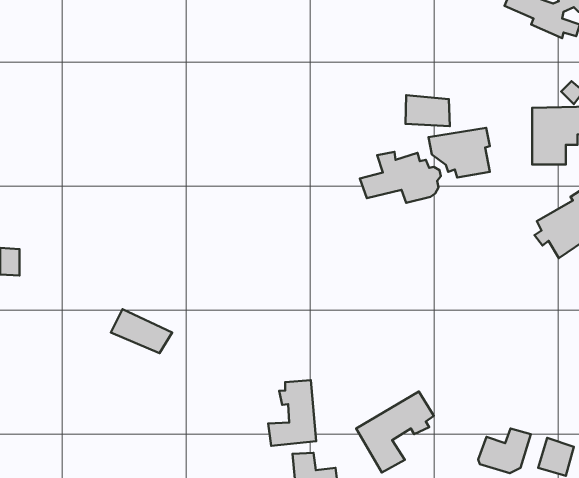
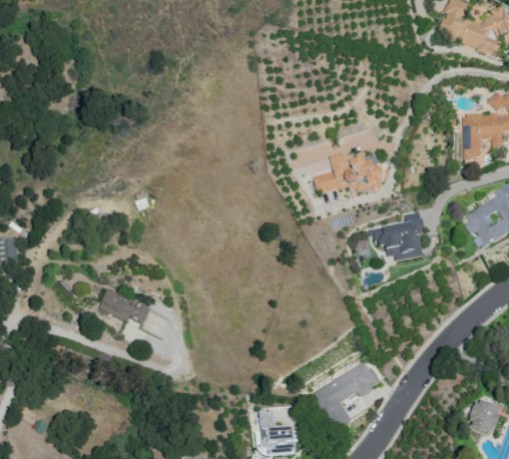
building: [405,95,450,126] -> none
building: [428,128,490,178] -> [371,217,424,261]
building: [268,380,316,446] -> none
building: [478,429,531,473] -> none

